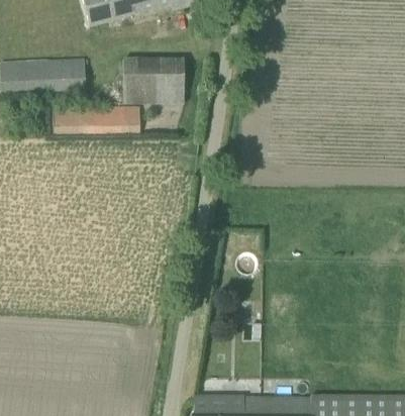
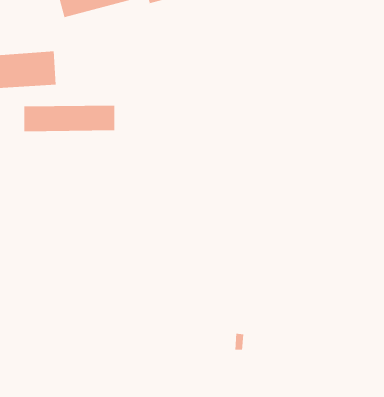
building: [124,58,185,102] -> none

